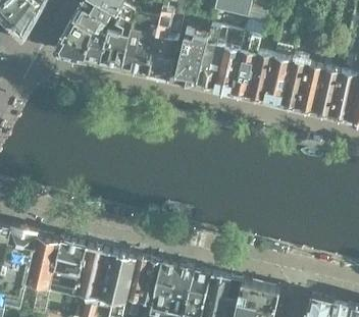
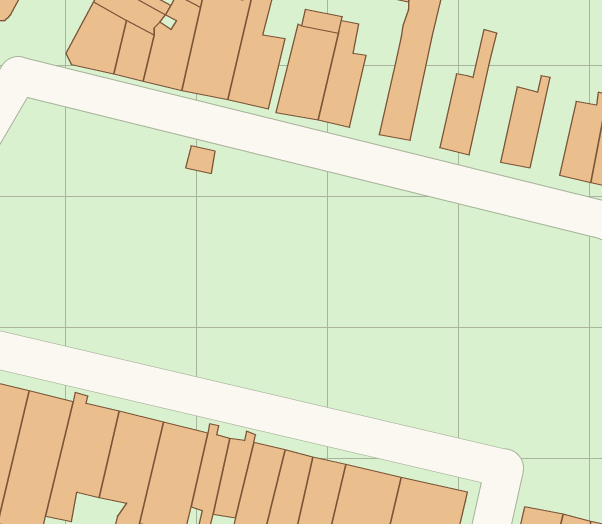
building: [214,29,240,93] -> none
building: [248,38,273,100] -> none
building: [280,53,307,108] -> none
building: [314,61,340,115] -> none

